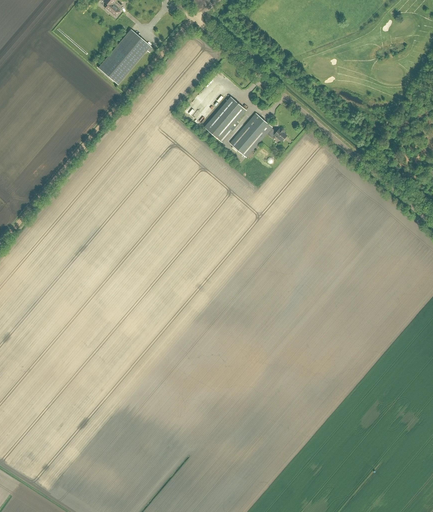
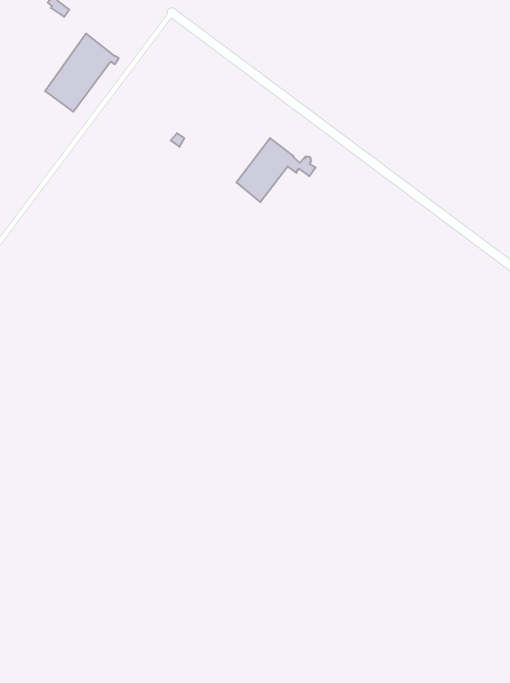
building: [203,95,245,139] -> none

